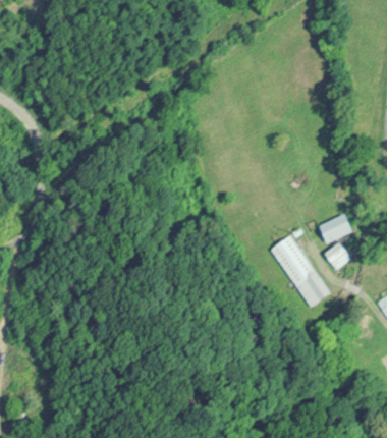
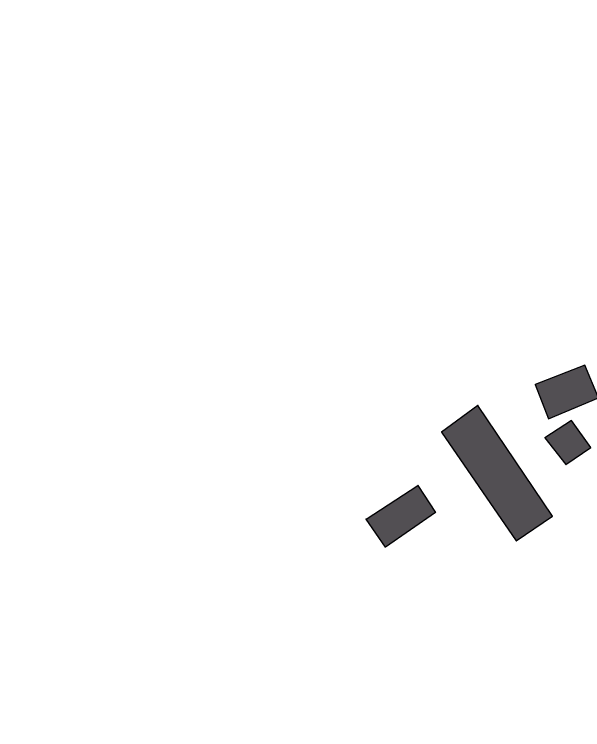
building: none -> [366,485,435,547]

